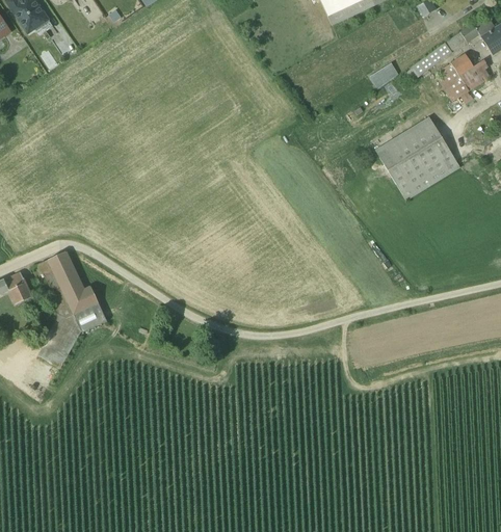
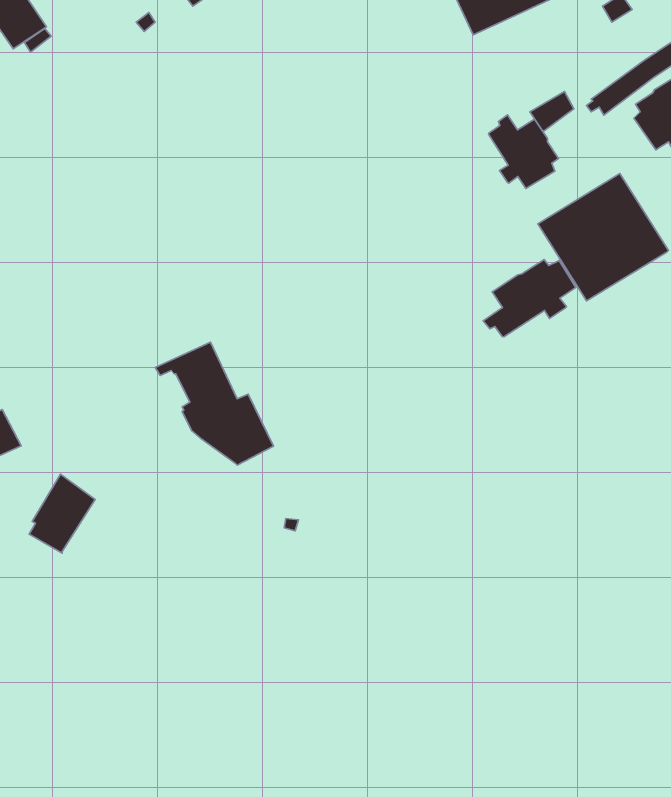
building: none -> [489,115,558,188]
building: none -> [483,259,576,337]
building: [28,250,106,331] -> [155,342,273,465]

